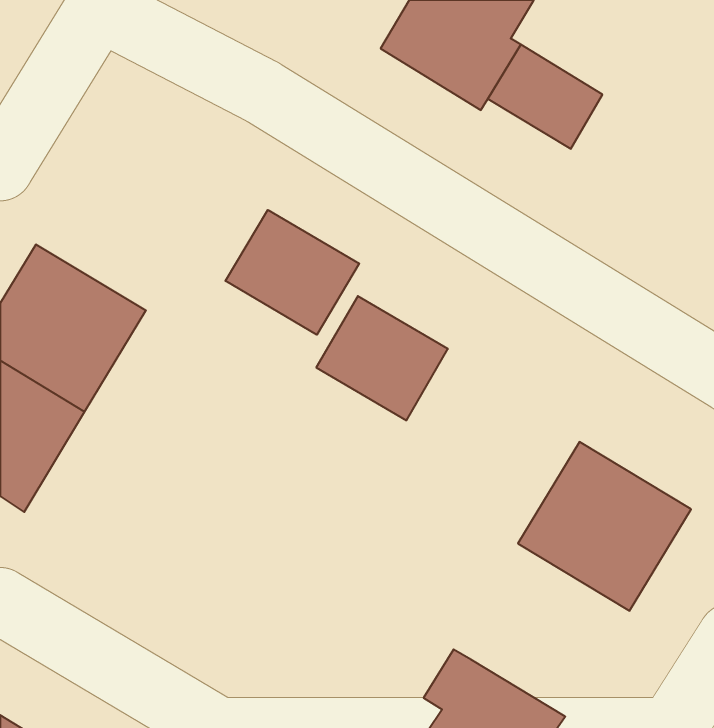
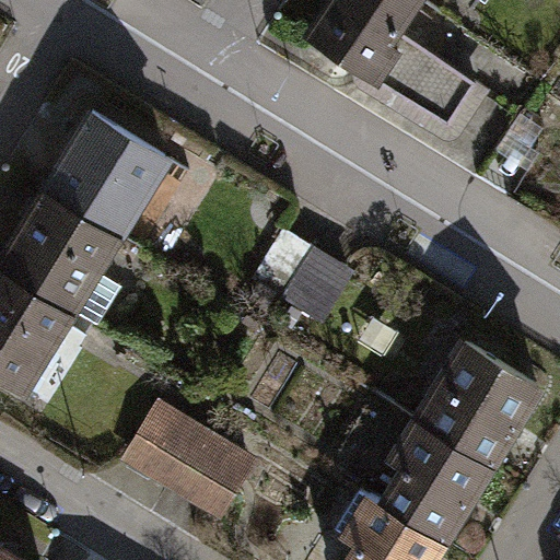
building: none -> [40,112,172,240]
building: [225,210,359,335] -> none
building: none -> [124,400,259,524]
building: none -> [373,418,494,550]

